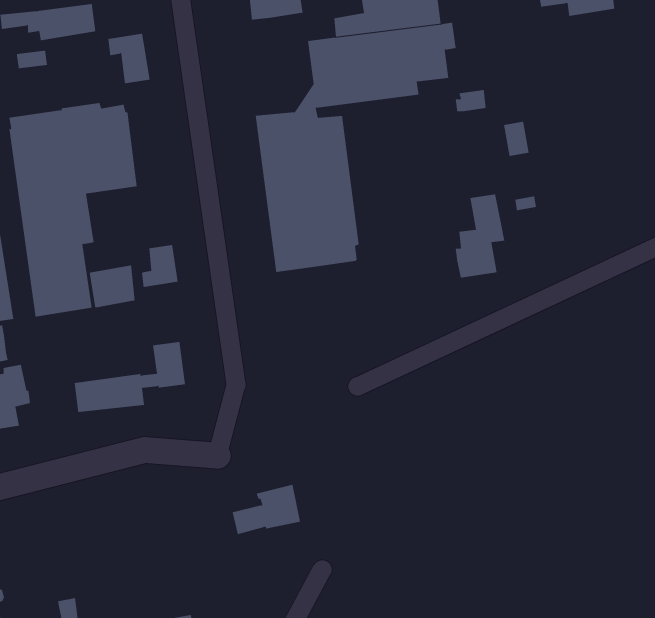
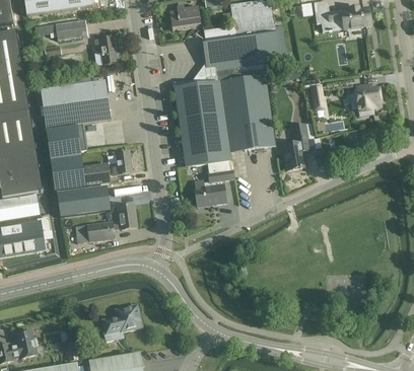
building: none -> [207,70,274,151]
building: none -> [350,85,381,115]
building: none -> [195,160,233,206]
building: none -> [56,187,106,212]
building: [232,484,301,535] -> [102,305,140,332]

